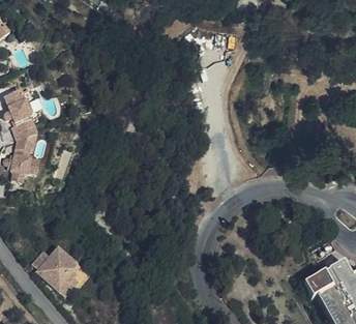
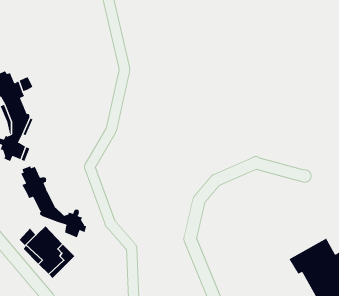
building: none -> [20,165,87,238]

